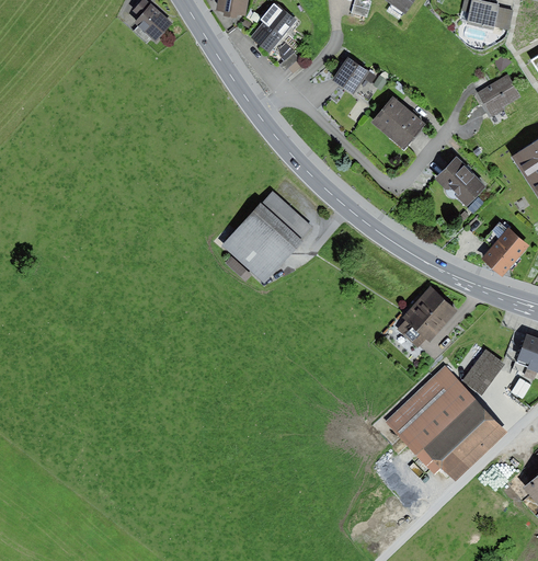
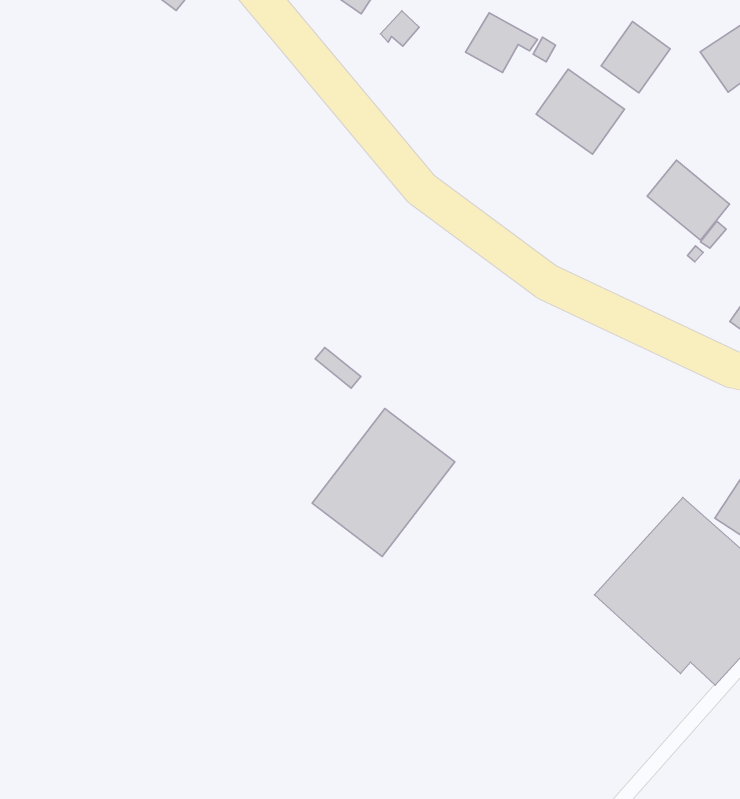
building: none -> [601,22,670,93]
building: [224,191,313,282] -> [312,409,455,556]
building: [399,285,459,346] -> none

